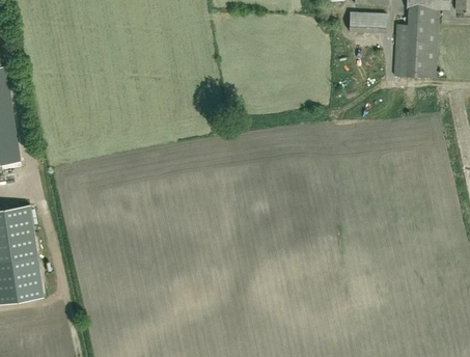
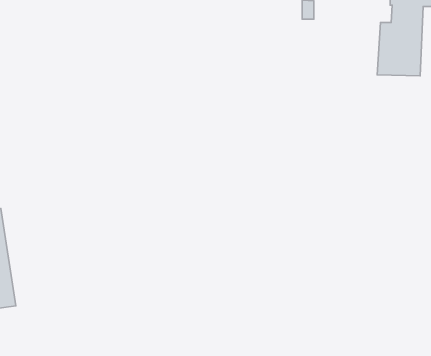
building: [347,11,385,34] -> none

